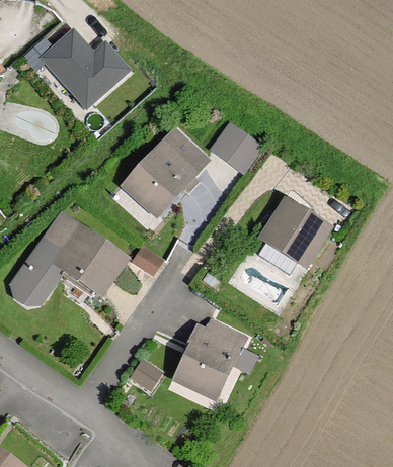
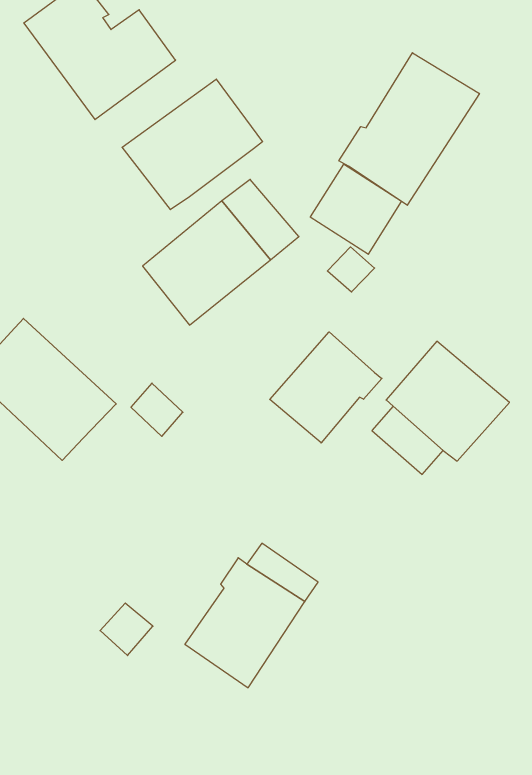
building: none -> [339,53,479,205]
building: none -> [122,79,263,210]
building: none -> [270,332,382,443]

